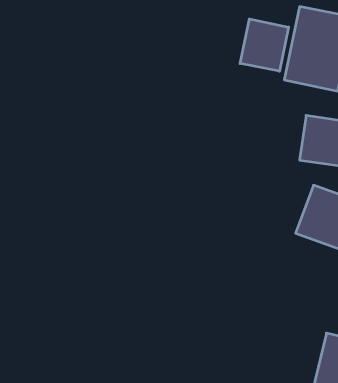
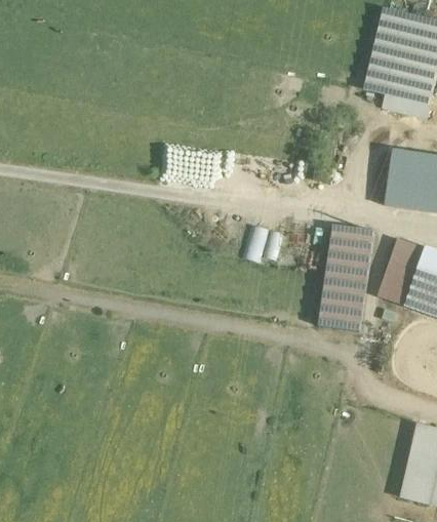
building: [240,19,289,71] -> none
building: none -> [317,225,373,329]

